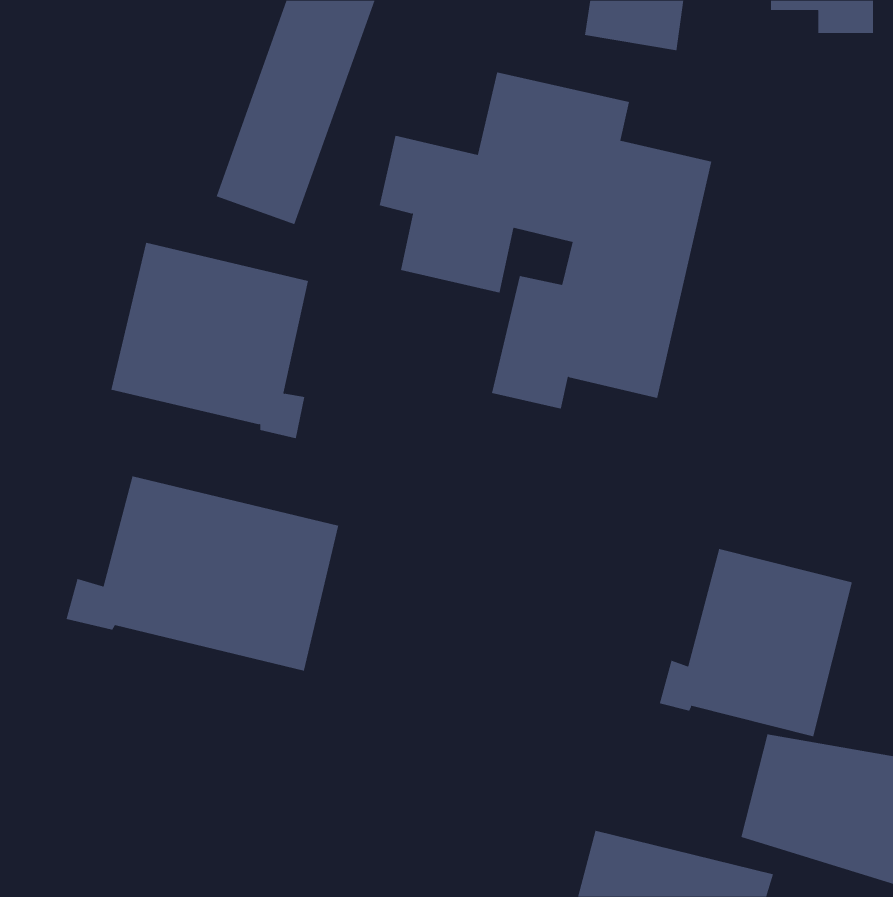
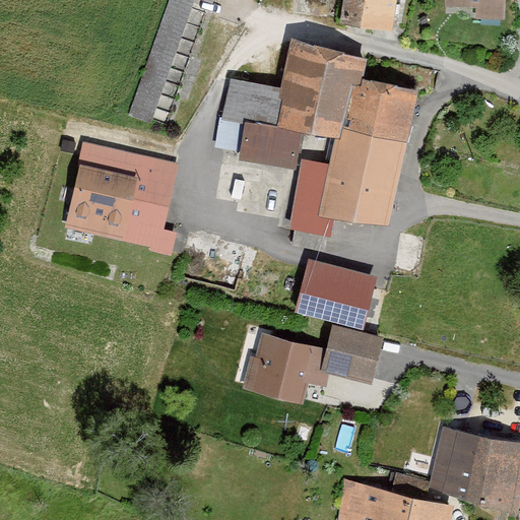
building: none -> [245,258,384,401]
building: [66,476,339,671] -> none
building: [659,548,852,737] -> none

